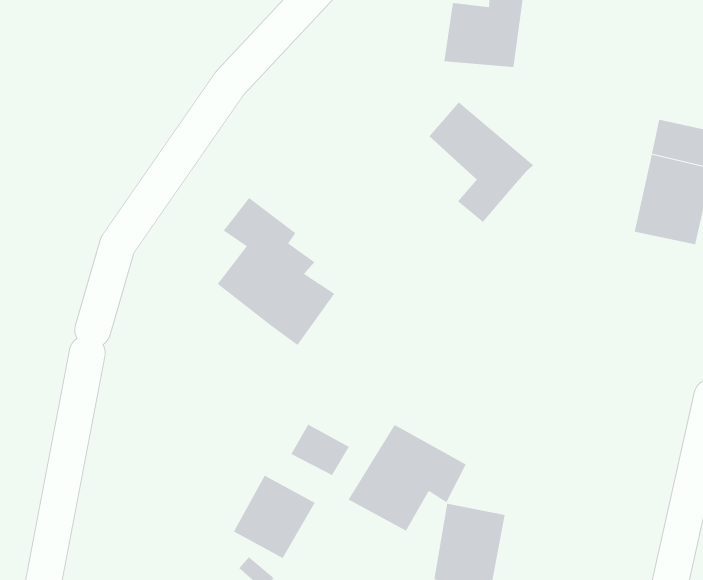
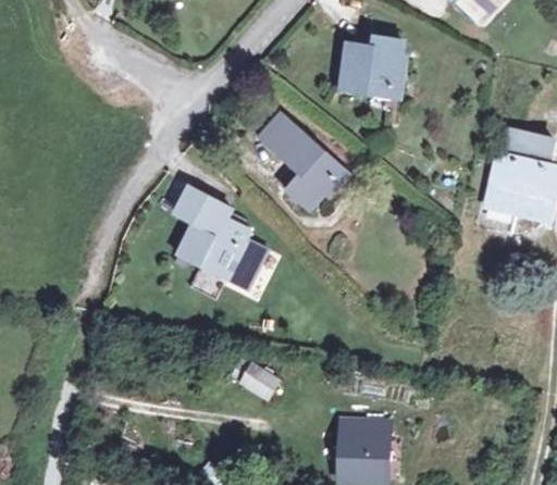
building: [428,102,534,223] -> [258,115,337,207]
building: [348,424,467,531] -> none
building: [233,475,316,559] -> none

